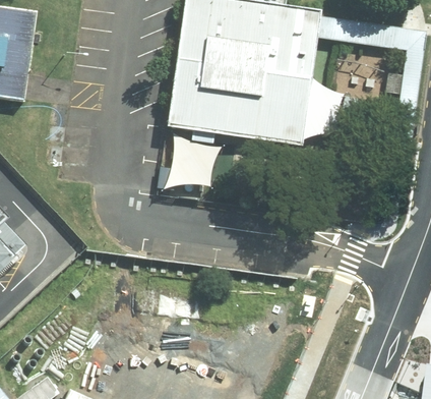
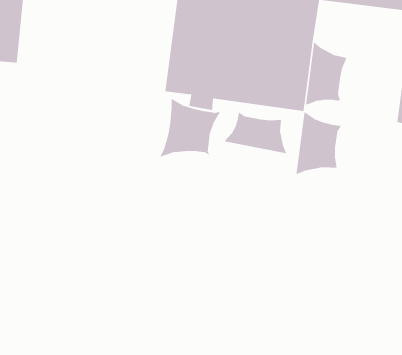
building: none -> [296,112,342,175]
building: none -> [224,112,287,154]

